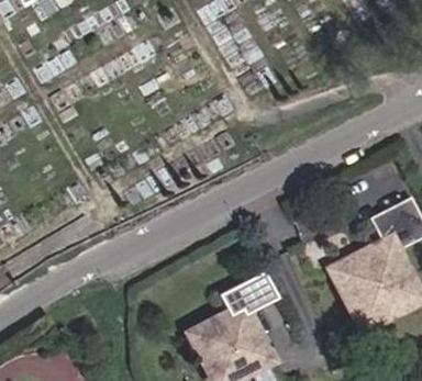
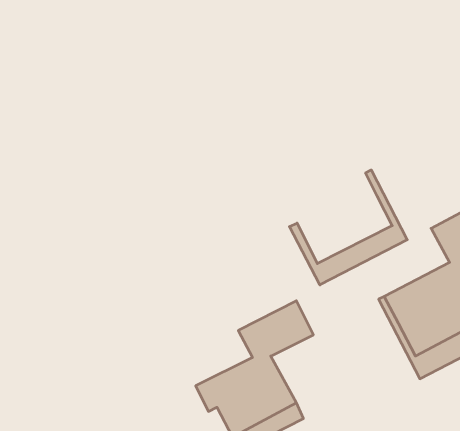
building: none -> [289,170,407,285]

